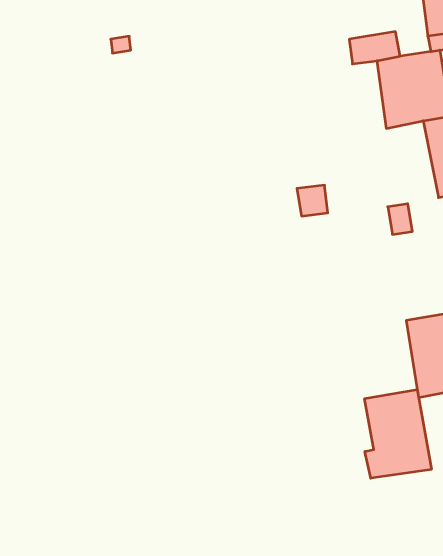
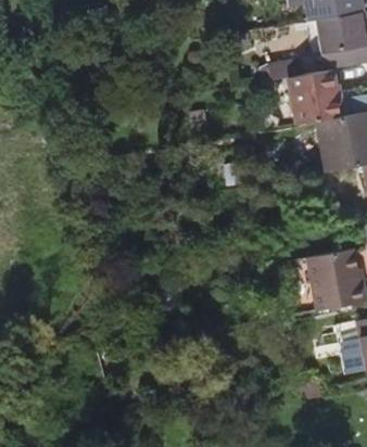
building: [365,390,431,478] -> none

